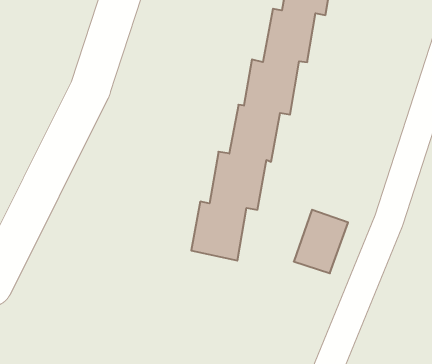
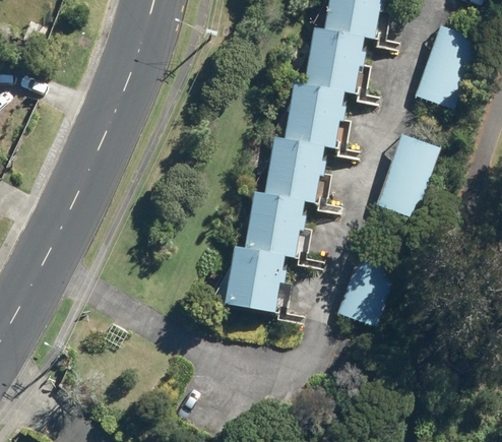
building: none -> [414,25,481,111]
building: none -> [376,133,442,218]

